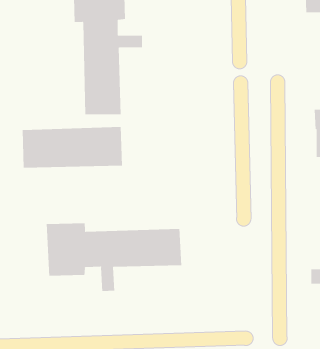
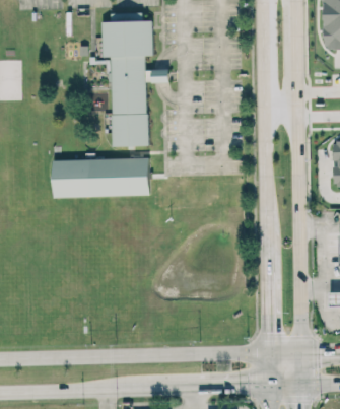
building: [46,223,182,292] -> none

